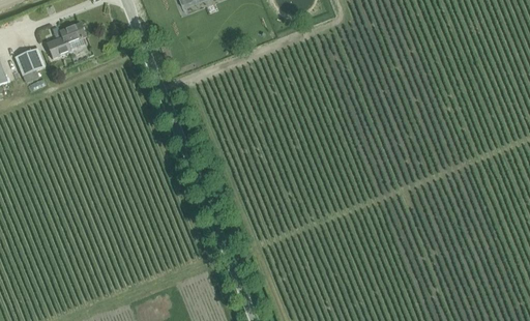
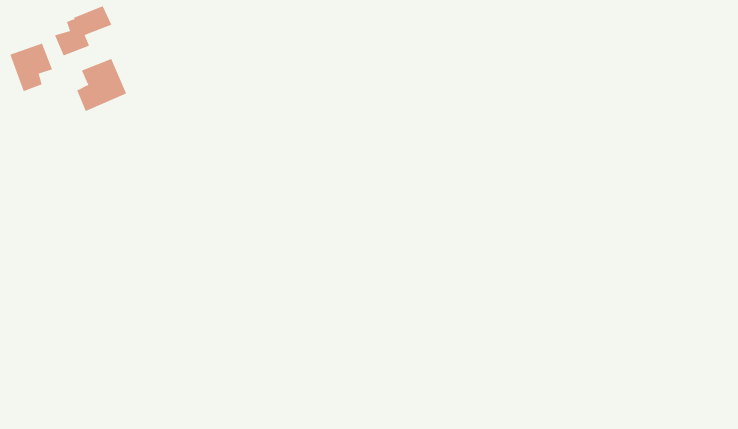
building: none -> [77,58,127,112]

